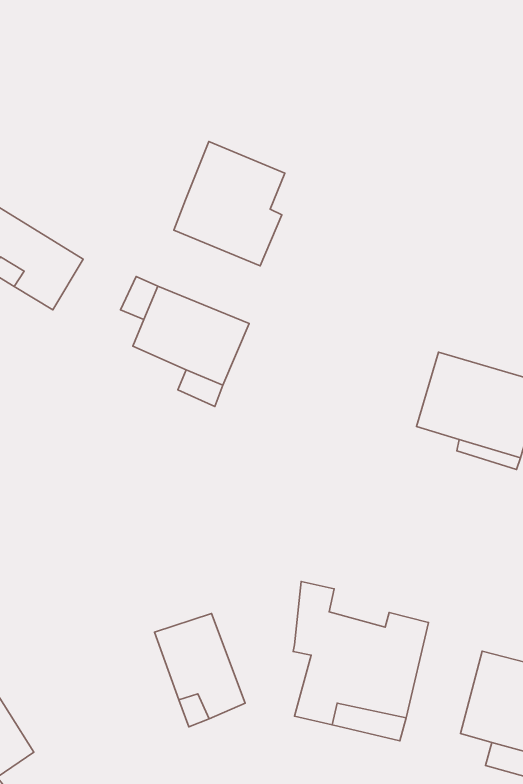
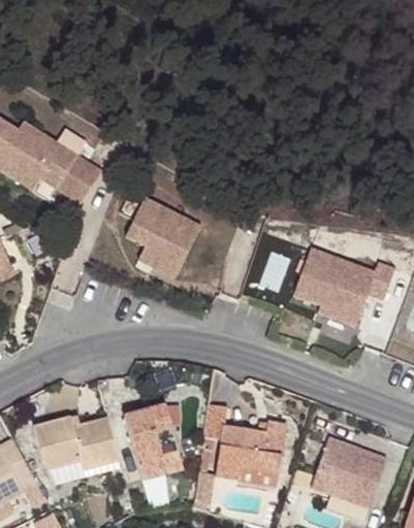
building: [174,142,285,266] -> none
building: none -> [32,410,124,478]

